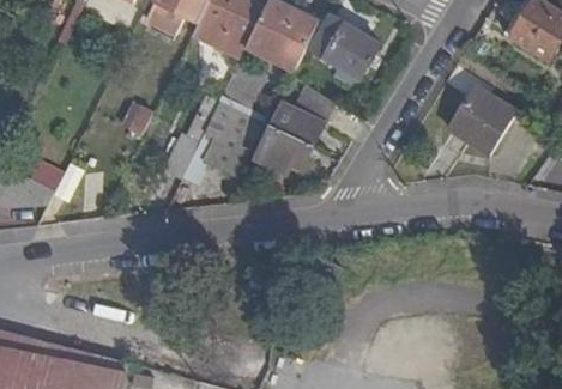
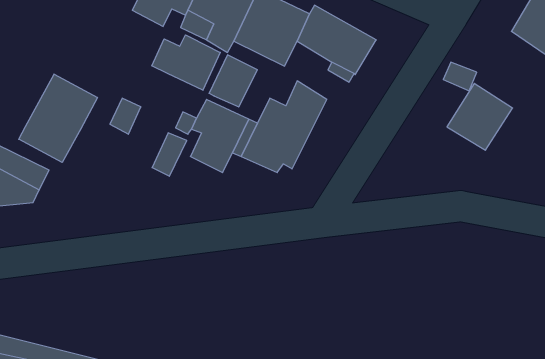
building: none -> [152,35,220,90]
building: none -> [19,74,97,162]

